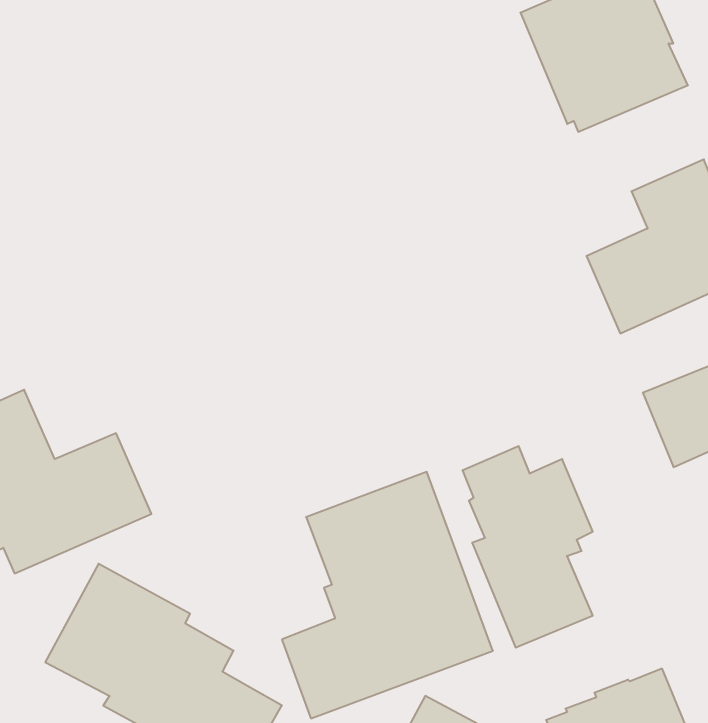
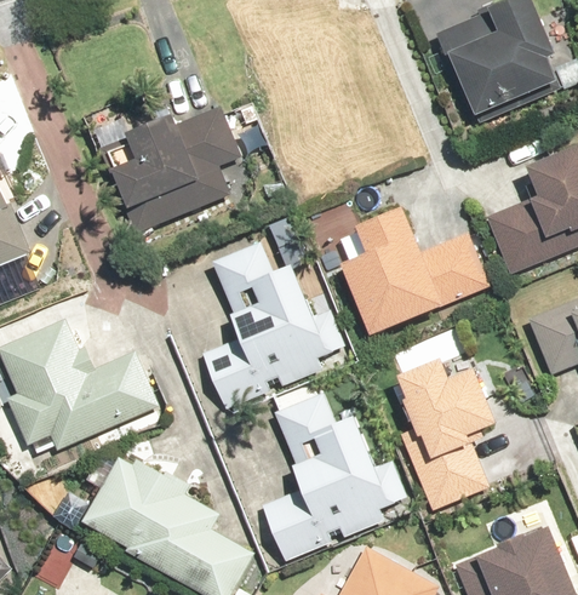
building: none -> [98,105,241,233]
building: none -> [336,207,490,337]
building: none -> [200,240,353,413]

